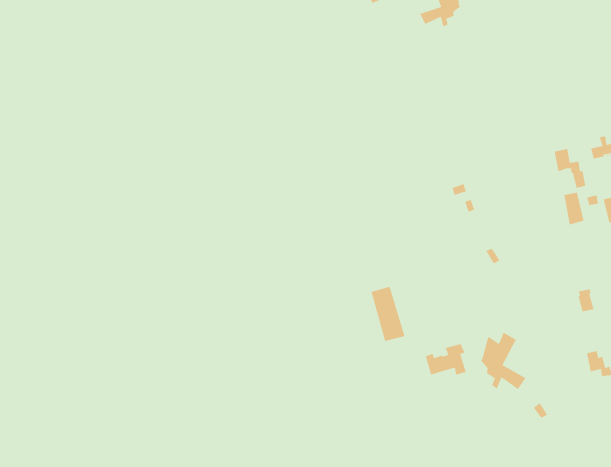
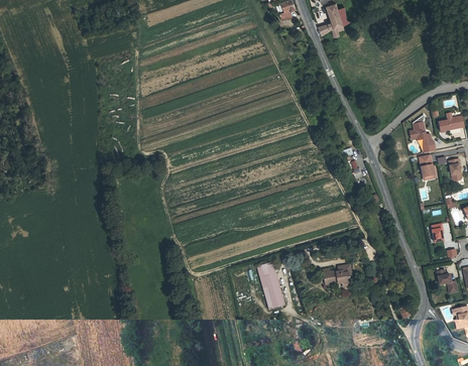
building: [370,286,406,342] -> [256,267,281,308]
building: [480,331,526,390] -> none

